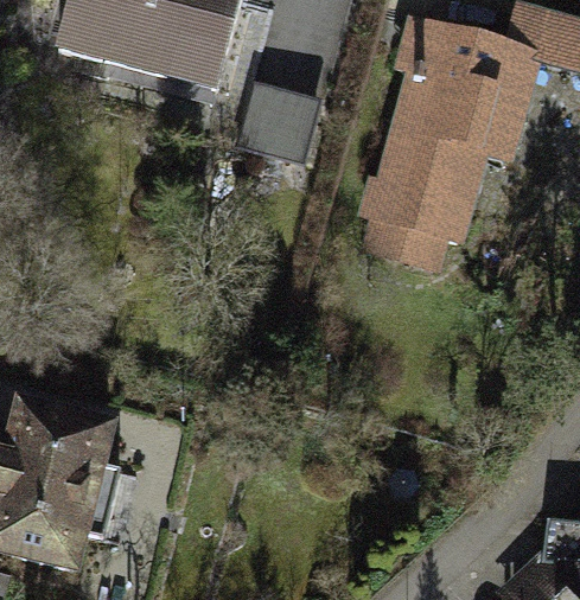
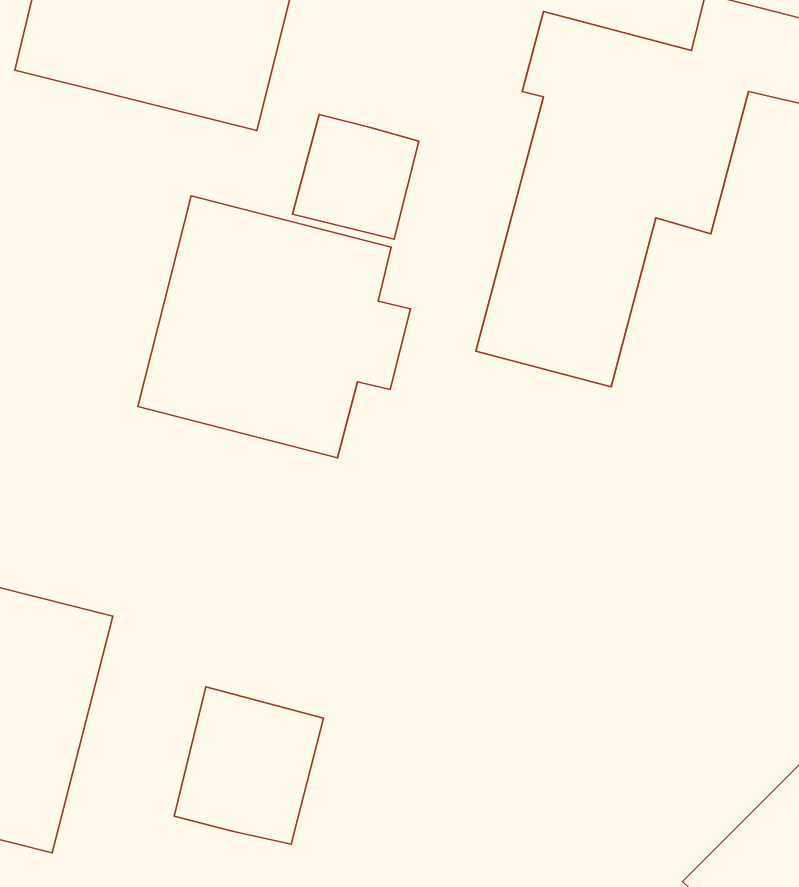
building: none -> [138,196,411,458]
building: none -> [174,687,323,844]

